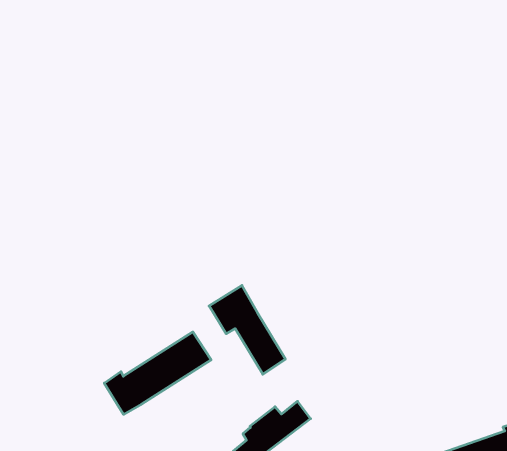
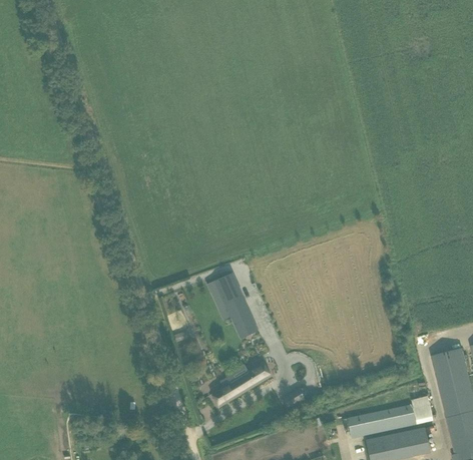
building: [104,332,211,414] -> none

